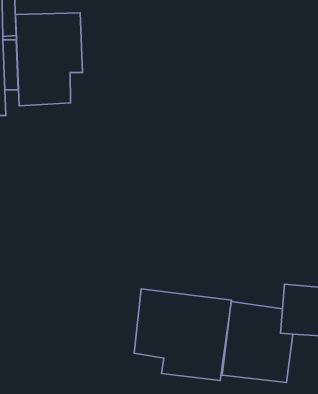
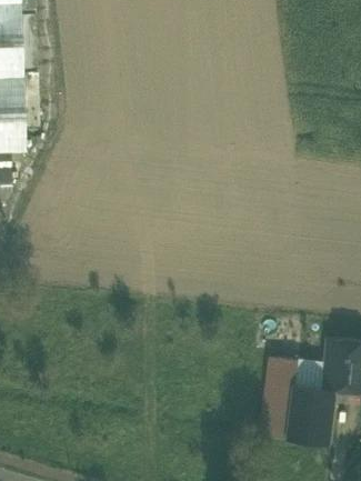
building: [15,13,83,106] -> none
building: [134,289,231,381] -> none

